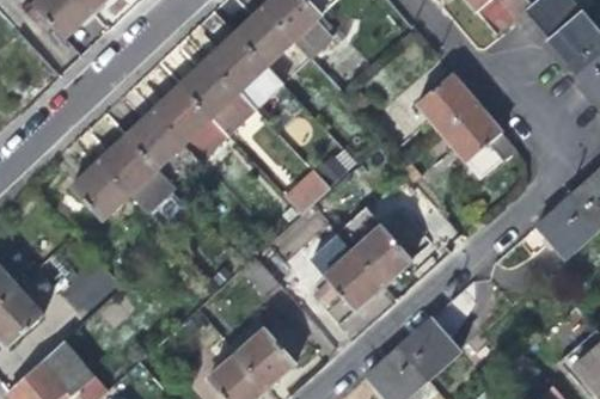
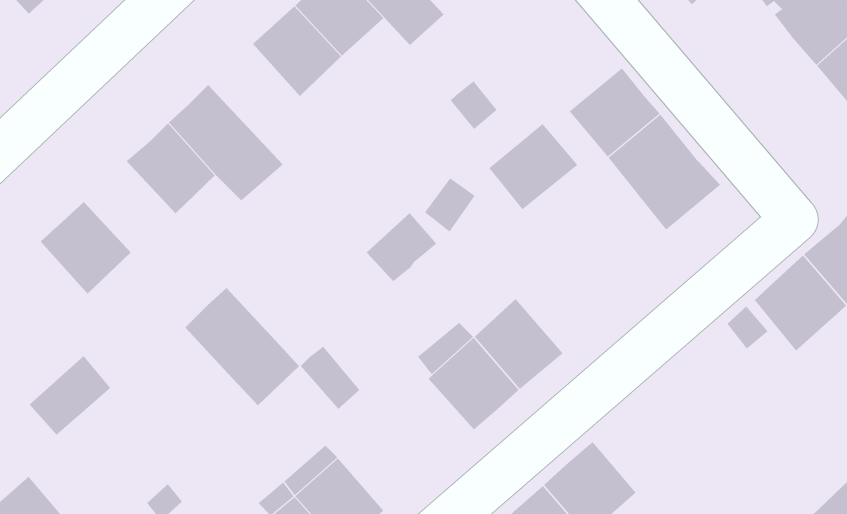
building: [180,57,257,136] -> none
building: none -> [488,123,578,210]
building: [99,134,175,211] -> [185,287,300,406]

